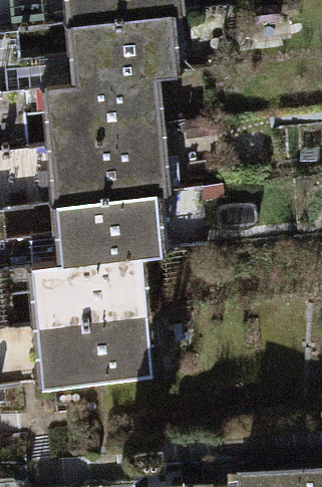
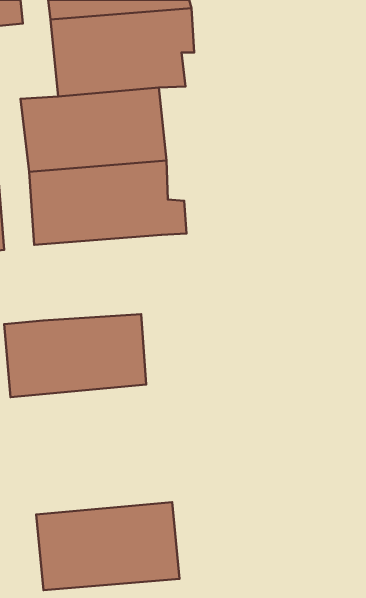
building: [53,188,157,256] -> none
building: [34,307,148,378] -> [36,502,180,590]

